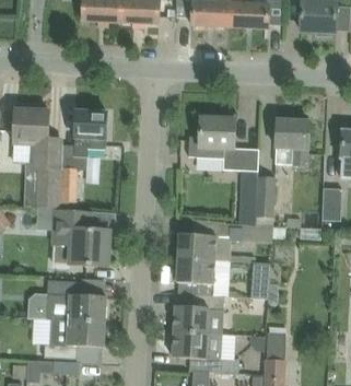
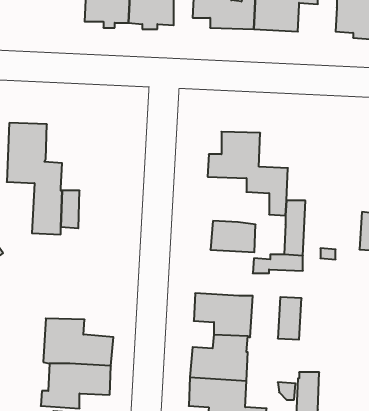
building: [72,112,106,156] -> none
building: [274,120,309,166] -> none
building: [51,209,109,266] -> none
building: [177,233,217,260] -> [210,221,256,252]

